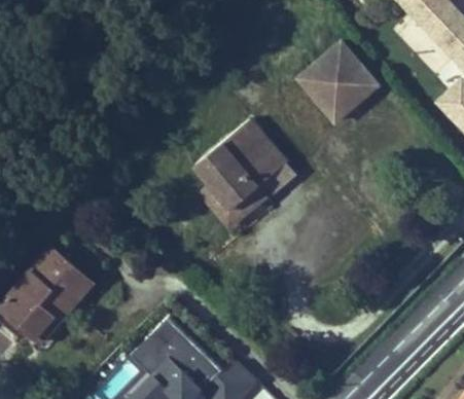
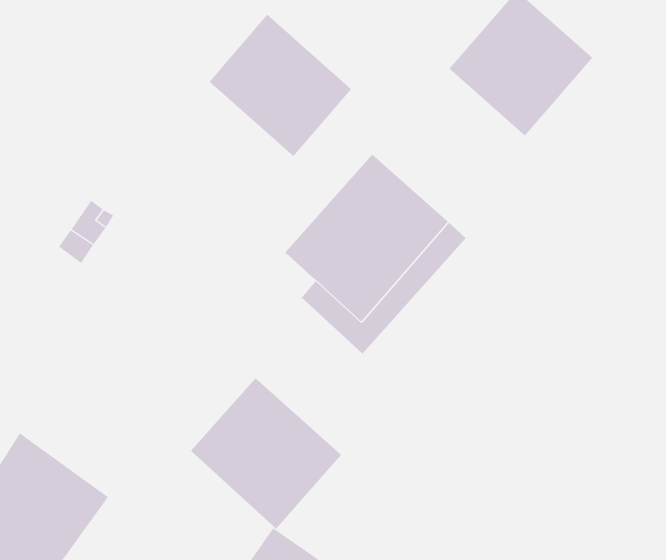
building: none -> [209,14,352,157]
building: none -> [190,378,342,530]

